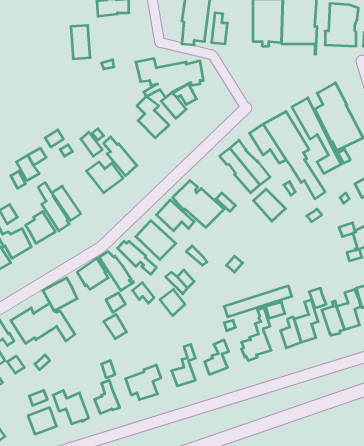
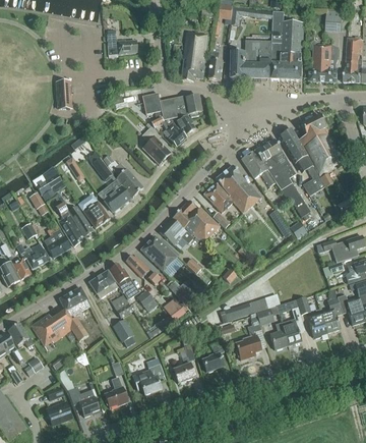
building: none -> [231,51,245,78]
building: [71,25,90,59] -> [55,80,72,110]
building: none -> [78,196,109,228]
building: [253,189,286,221] -> [204,183,233,212]

